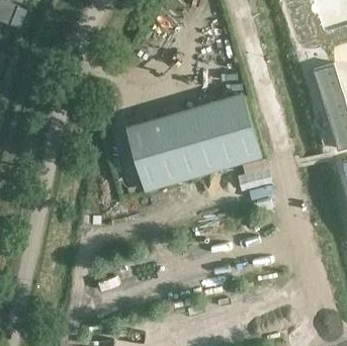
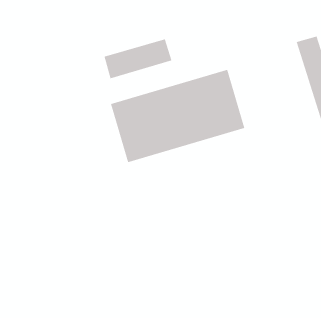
building: none -> [104,38,172,79]

